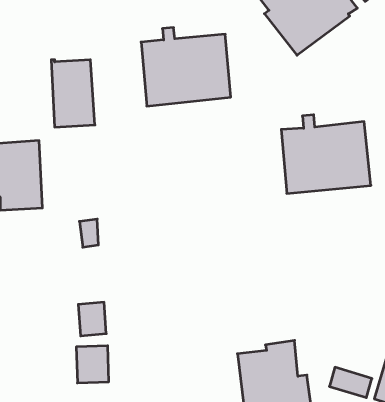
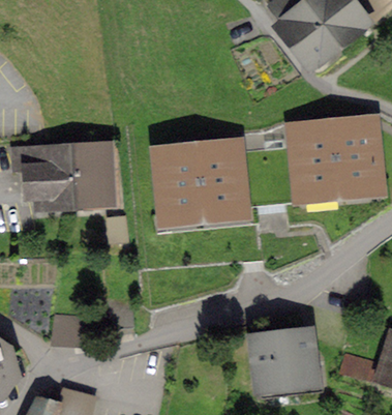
building: [141,28,231,106] -> [159,143,242,215]
building: [51,60,95,127] -> [71,143,112,205]
building: [76,346,109,383] -> [52,316,82,350]

